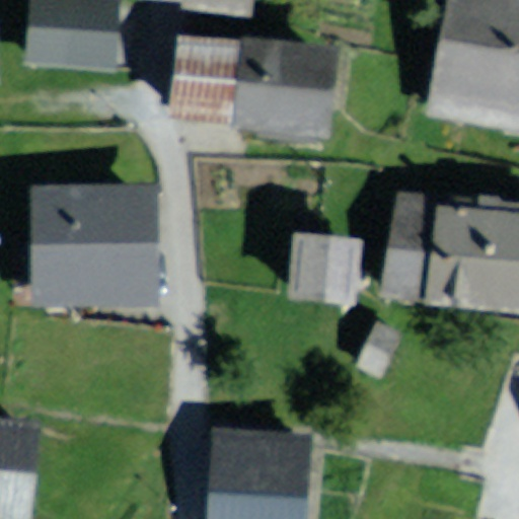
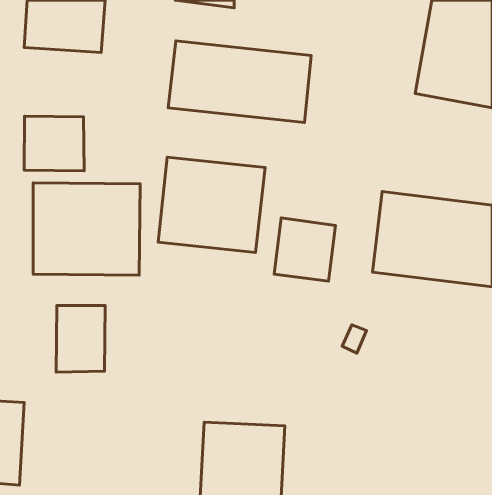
building: none -> [24,116,84,171]
building: none -> [158,157,265,253]
building: none -> [56,305,105,372]

